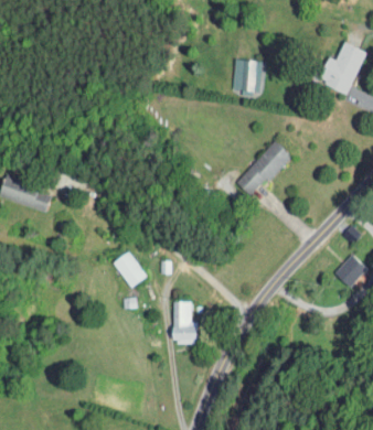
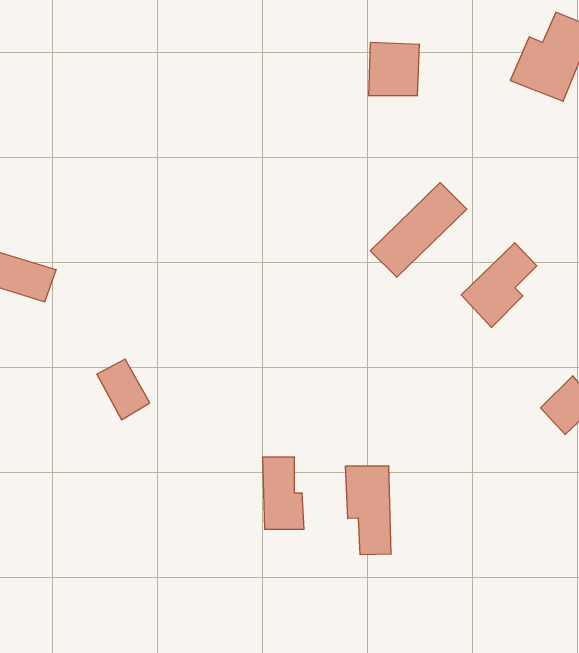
building: none -> [461,243,537,327]
building: [115,251,146,287] -> [97,359,150,420]
building: none -> [346,466,391,555]

